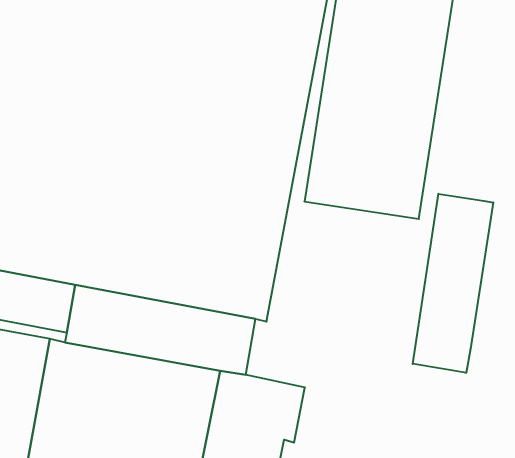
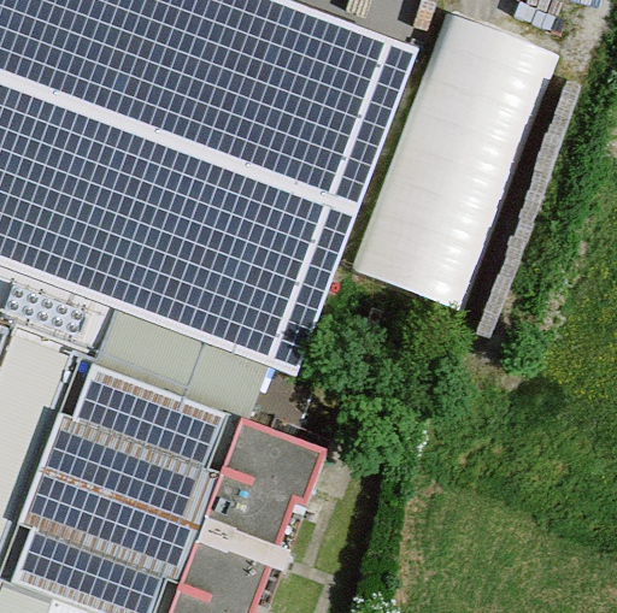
building: [413,194,493,373] -> none

